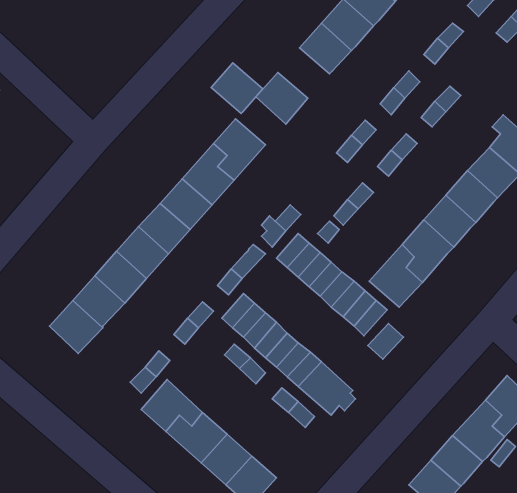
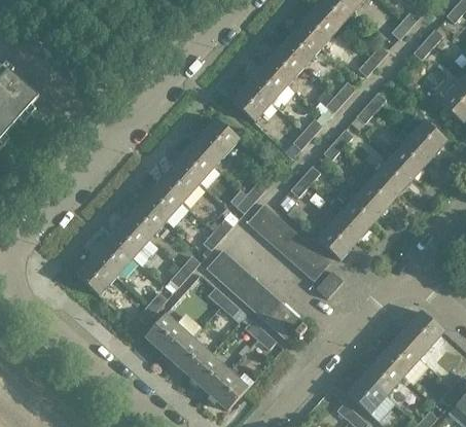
building: [211,63,263,113] -> [248,64,287,102]

